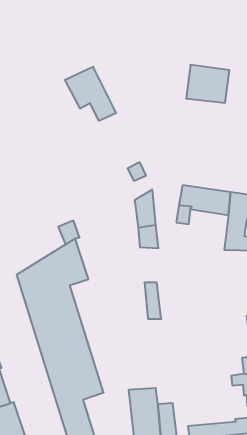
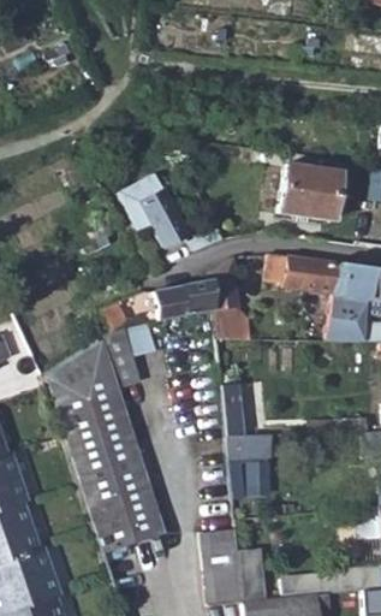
building: [186,65,229,103] -> [279,167,338,219]
building: [65,67,116,121] -> [118,174,187,248]
building: none -> [156,283,214,320]
building: none -> [227,434,273,498]

